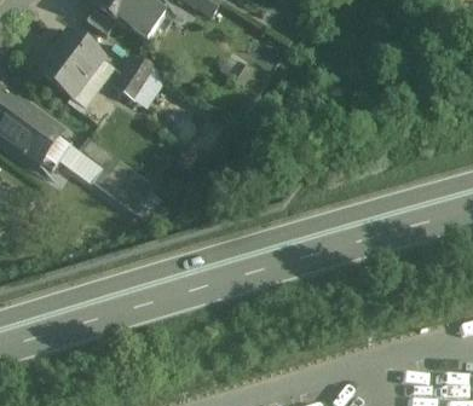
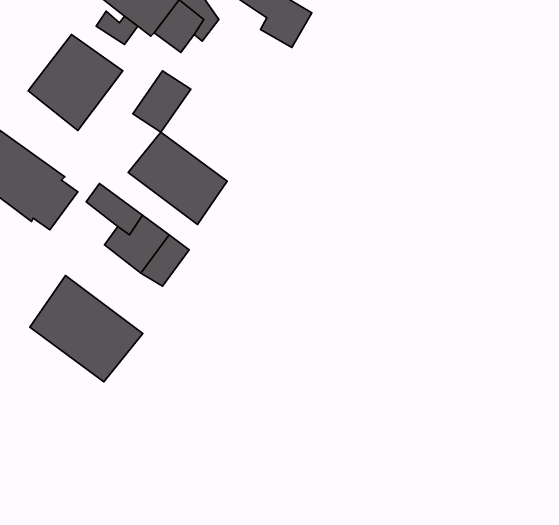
building: none -> [128,132,227,224]
building: none -> [30,275,143,382]

